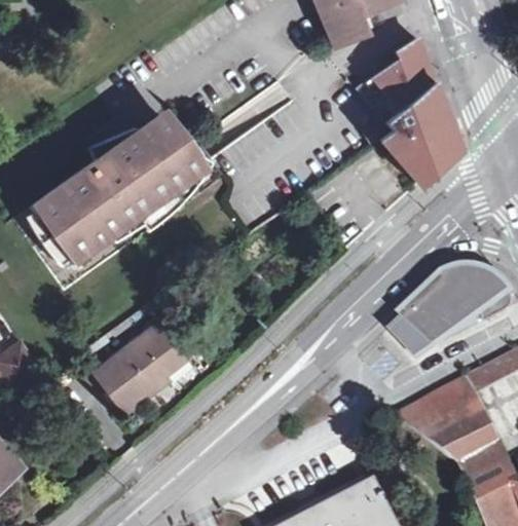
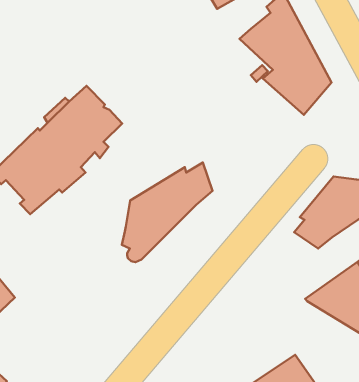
building: none -> [122,162,213,262]
building: [97,321,186,409] -> none

